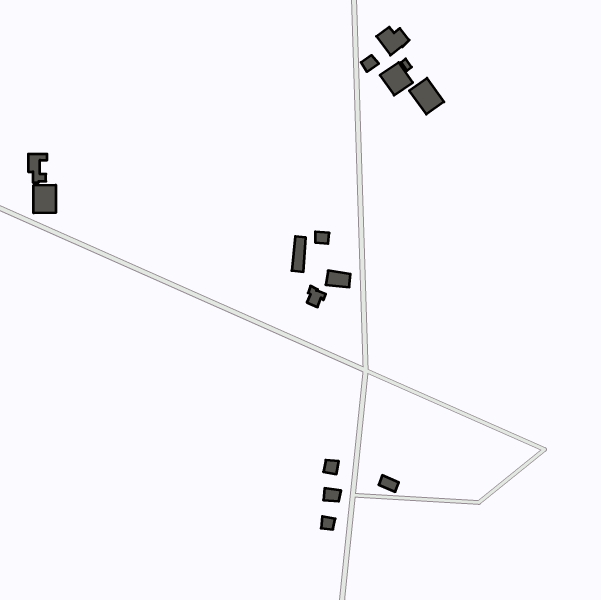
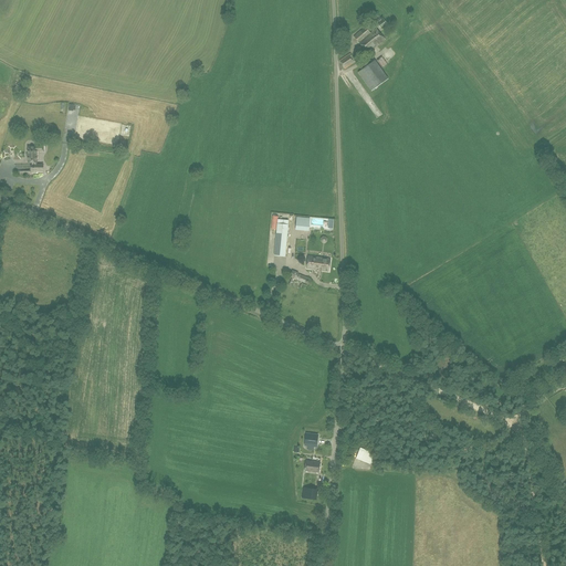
building: [409,78,444,114] -> none
building: [34,185,56,213] -> none

